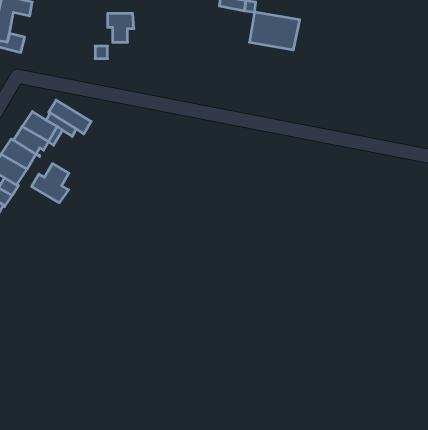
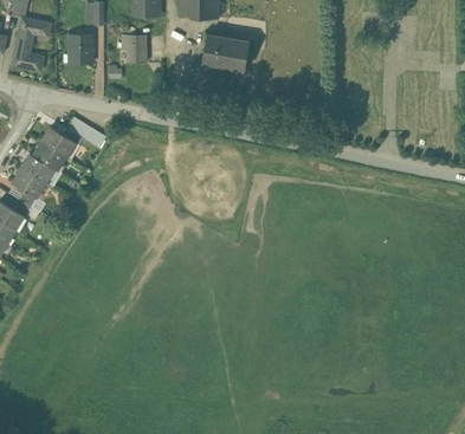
building: none -> [69,33,92,63]
building: [249,12,300,50] -> [202,33,250,69]
building: [32,164,69,203] -> none

